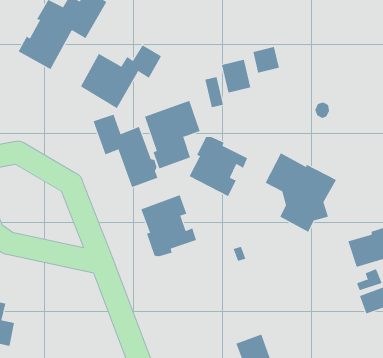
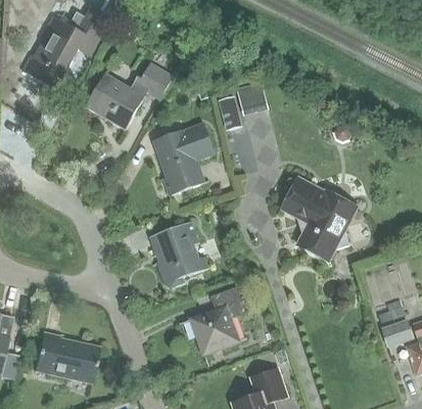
building: [253,46,279,73] -> none
building: [93,114,158,188] -> none
building: [189,136,248,197] -> none
building: none -> [192,286,246,354]
building: none -> [35,331,99,382]

